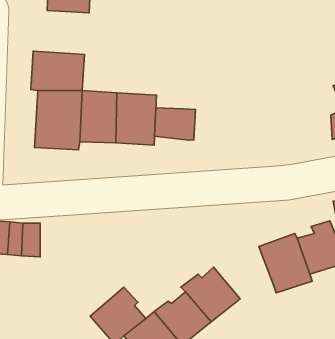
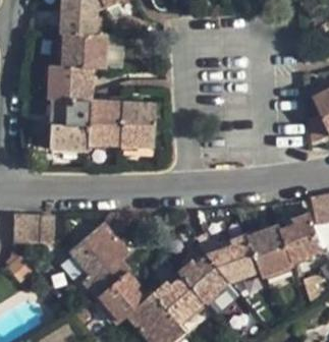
building: none -> [60,30,106,69]
building: [155,108,195,140] -> none
building: none -> [69,222,130,299]
building: none -> [206,236,259,282]

